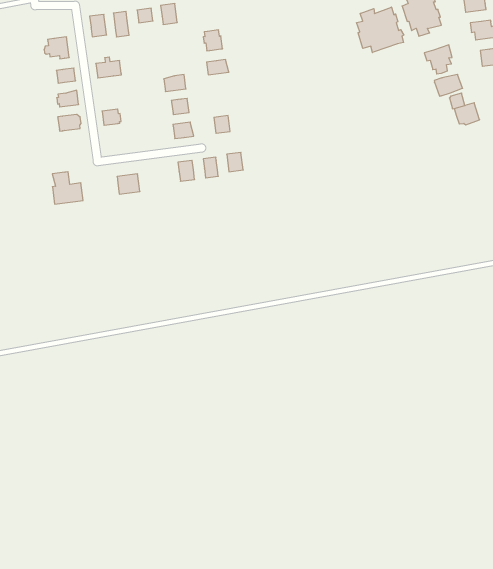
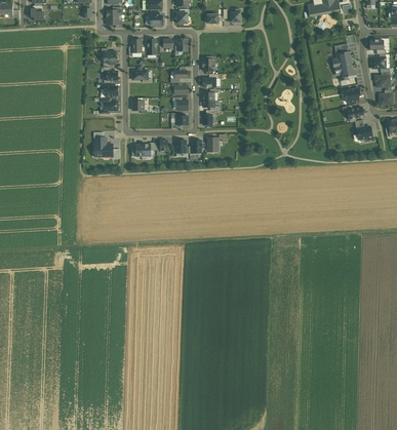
building: [357,7,404,53] -> none

